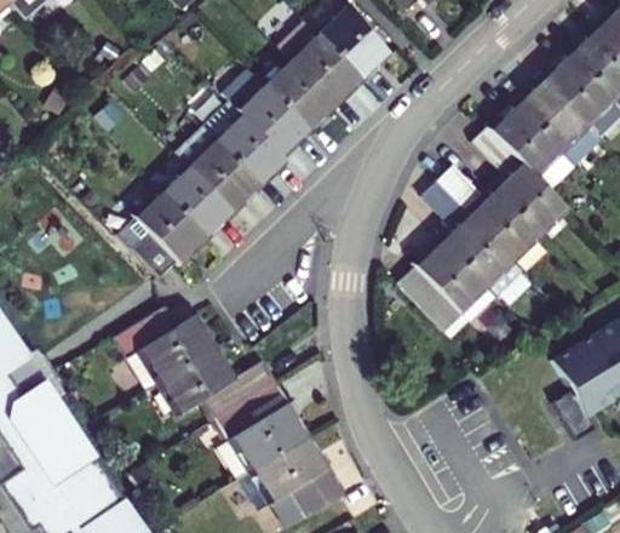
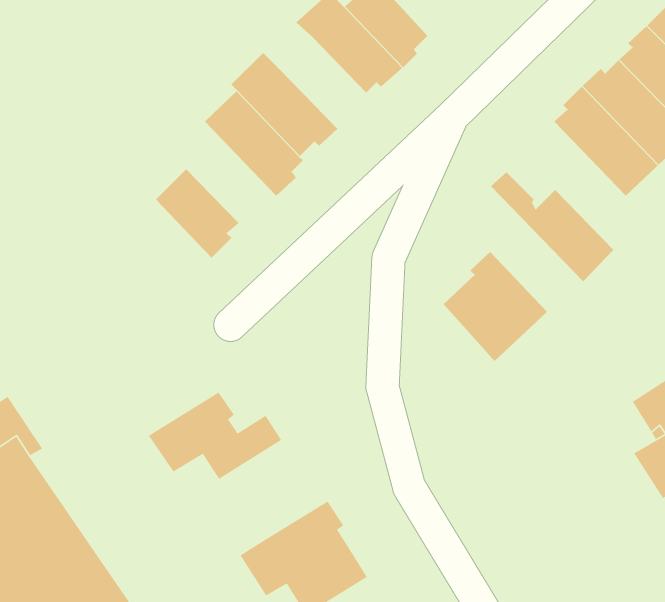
building: [268,58,339,133] -> none
building: [179,127,265,211] -> none
building: [480,127,570,233] -> none
building: [426,180,527,294] -> none
building: [122,191,212,277] -> none
building: [113,309,218,385] -> none
building: [218,389,308,474] -> none

